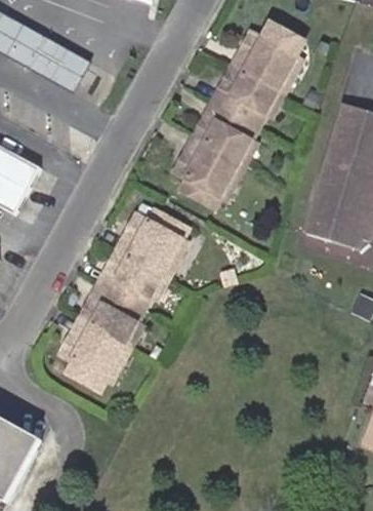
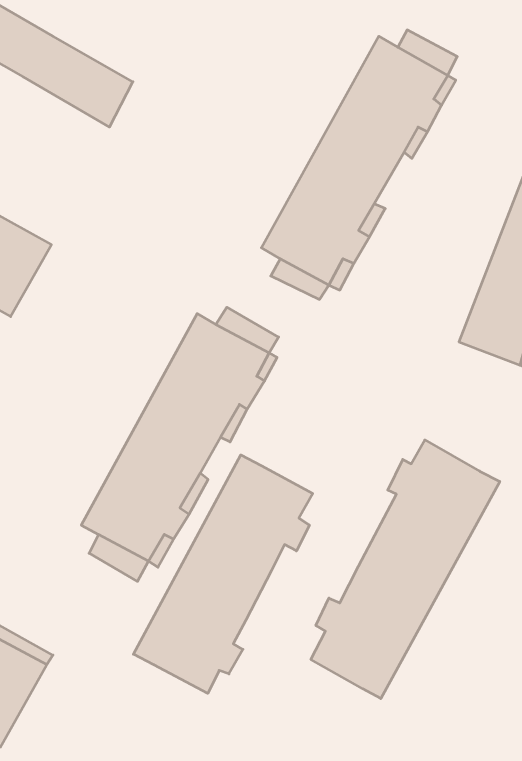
building: none -> [311,440,500,699]
building: none -> [133,455,313,693]

